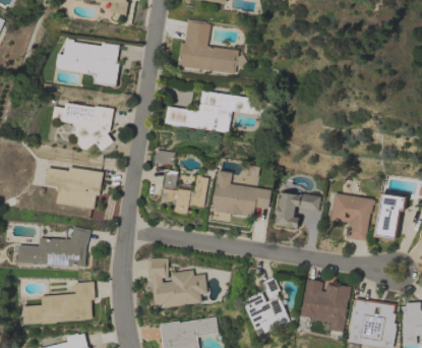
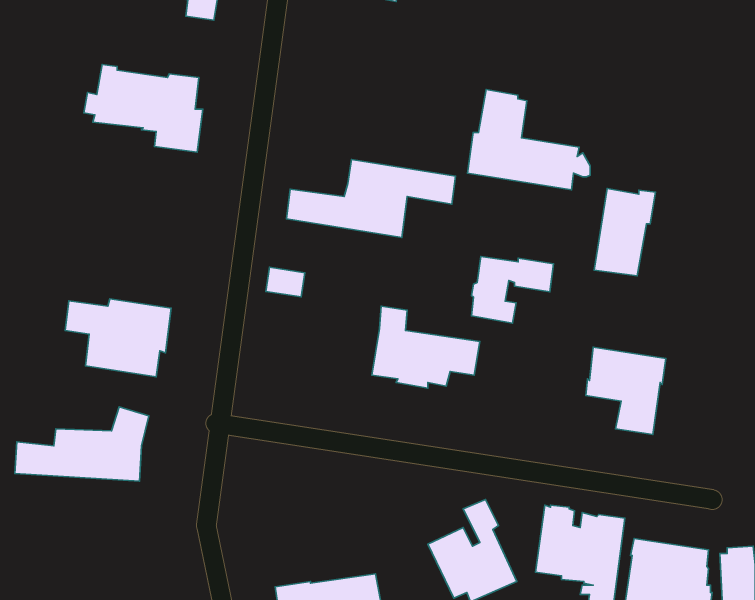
building: [177,19,244,74] -> [467,90,590,190]
building: [51,103,113,151] -> none
building: [161,171,207,214] -> none
building: [275,192,319,229] -> [472,256,553,323]
building: [372,192,406,240] -> [594,188,656,276]
building: [146,257,206,308] -> none
building: [21,282,95,325] -> none

